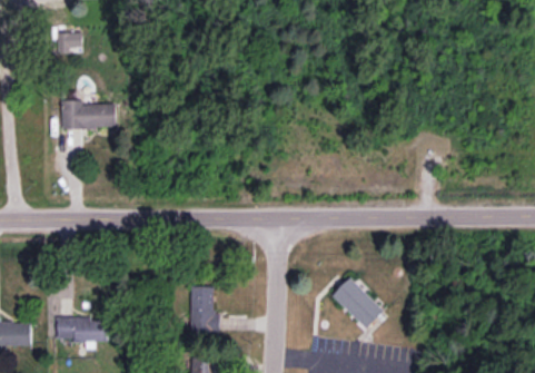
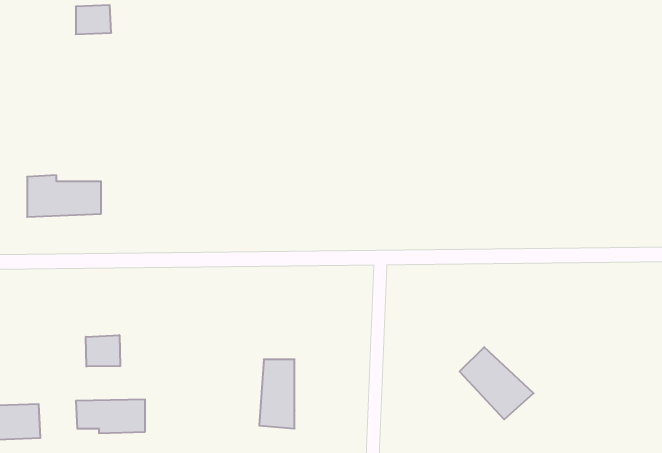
building: [62,99,116,129] -> [27,175,101,217]
building: none -> [86,335,120,367]

